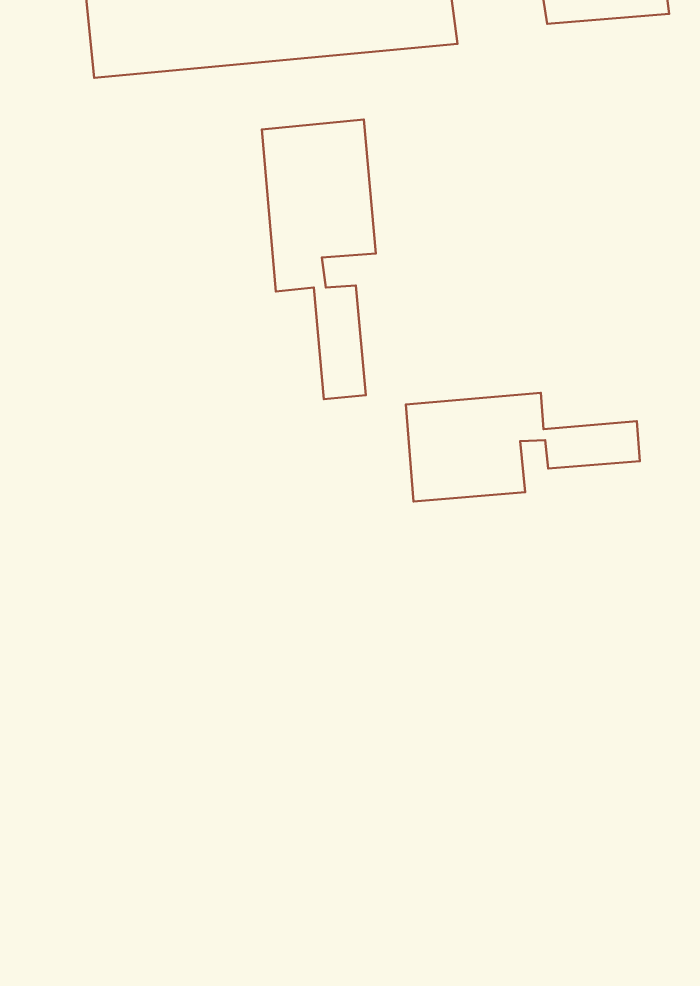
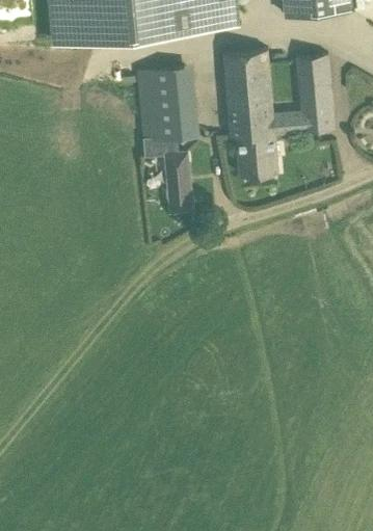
building: none -> [223,50,334,178]
building: [406,393,640,501] -> none

